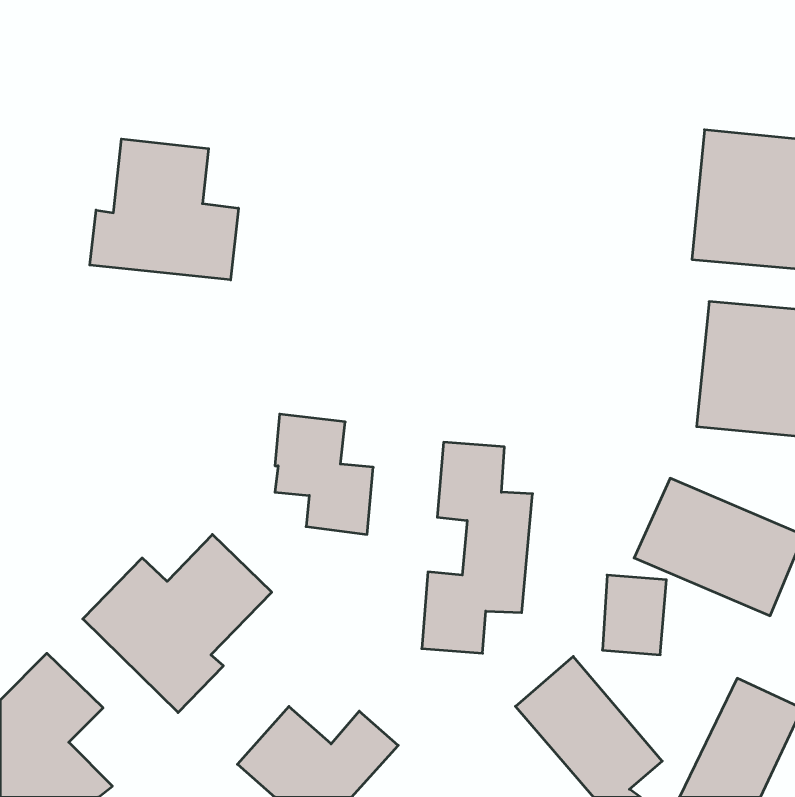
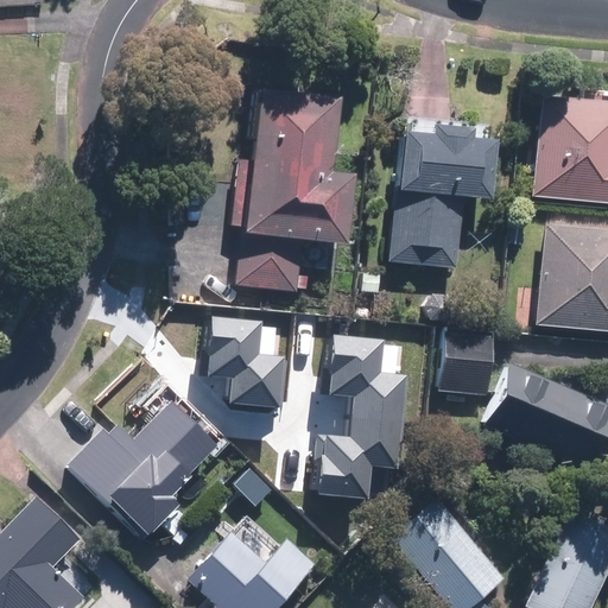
building: none -> [245,90,354,286]
building: [90,139,238,280] -> none
building: none -> [392,124,502,266]
building: [602,575,666,655] -> [441,331,489,392]

